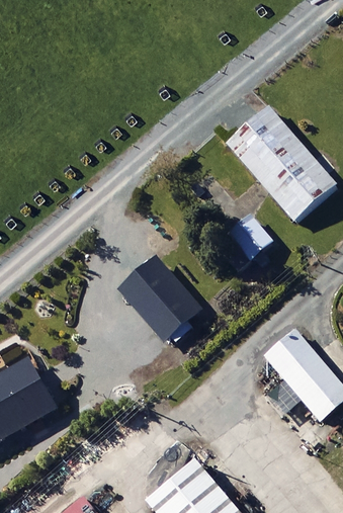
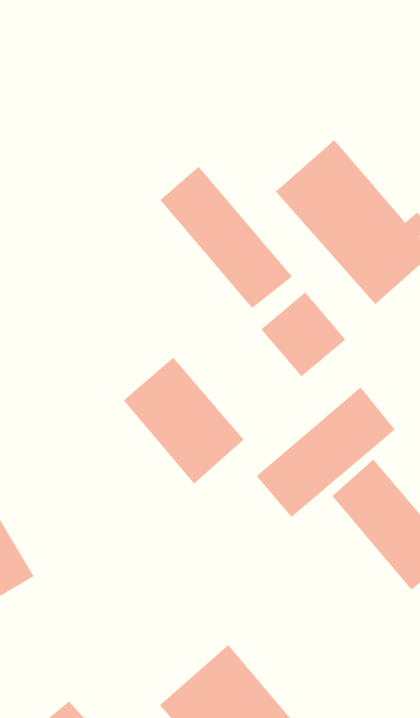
building: none -> [159,166,293,309]
building: none -> [256,386,395,518]

